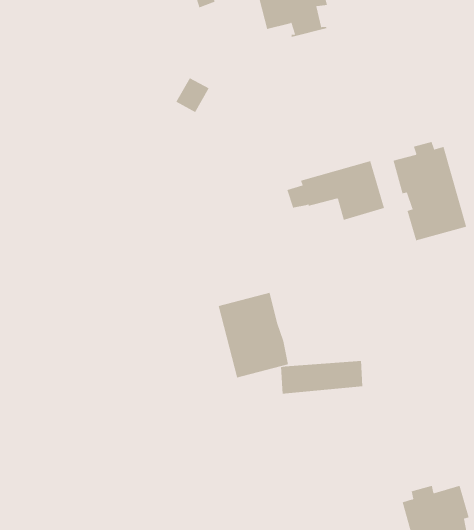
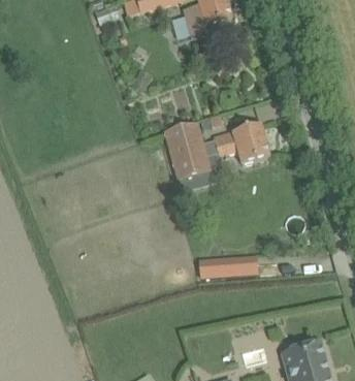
building: [393,141,467,241] -> none
building: [218,292,289,378] -> [162,122,209,180]

